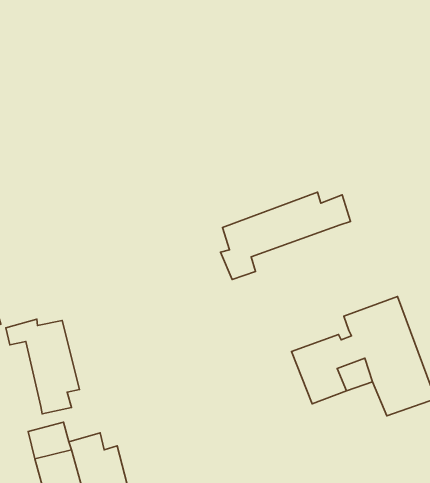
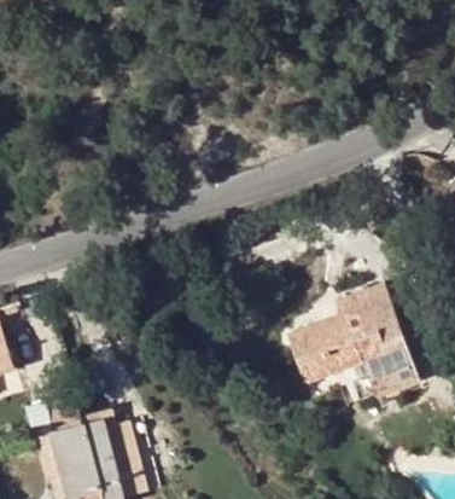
building: [221,192,351,280] -> none
building: [6,319,79,414] -> none

